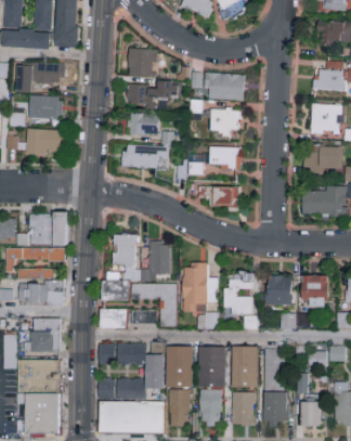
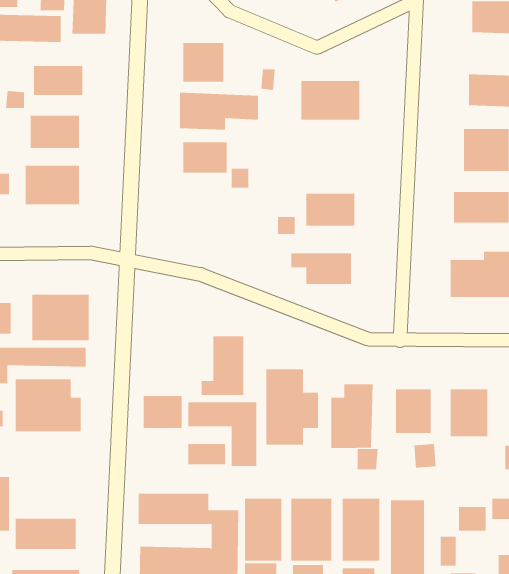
building: [211,108,242,135] -> none
building: [122,146,158,167] -> none
building: [113,234,136,276] -> none
building: [101,309,127,329] -> none
building: [24,319,62,352] -> none

